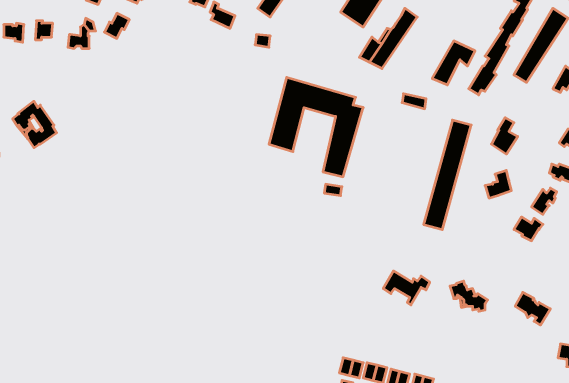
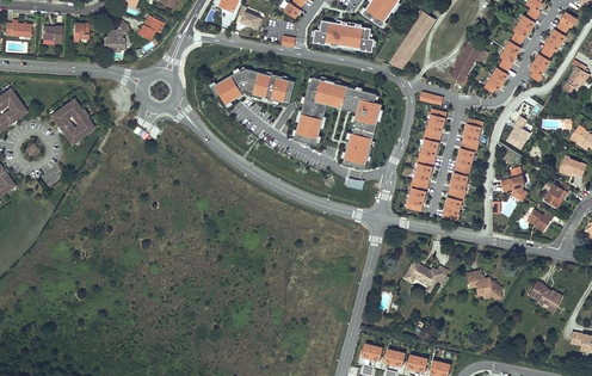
building: none -> [314,21,375,53]
building: none -> [211,69,295,105]
building: none -> [403,107,448,211]

